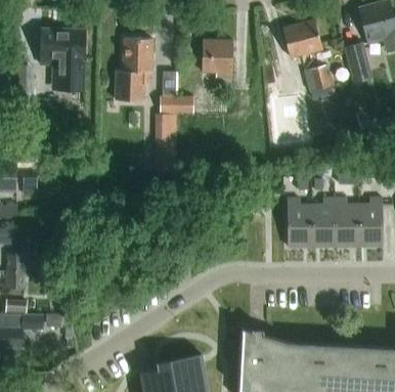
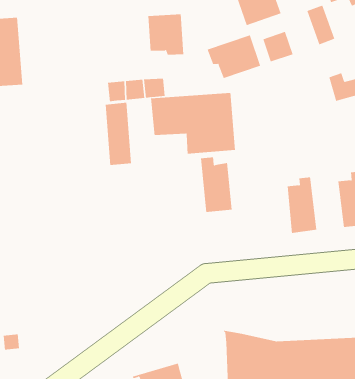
building: [114,38,152,100] -> none
building: none -> [207,35,261,79]
building: none -> [151,92,235,155]
building: [288,199,312,248] -> [200,157,233,212]
building: [335,199,359,247] -> none

